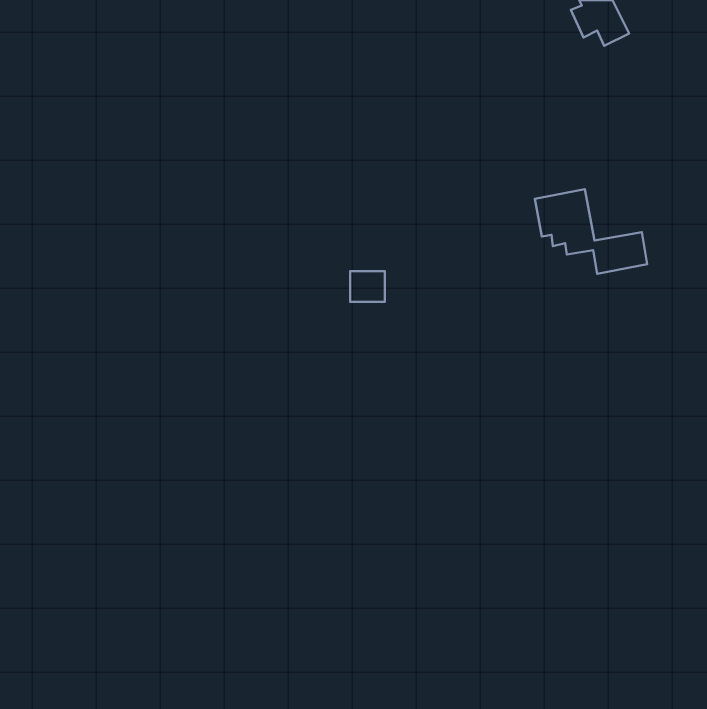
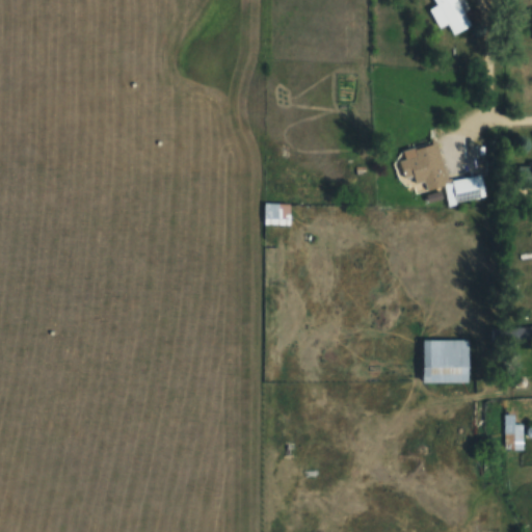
building: none -> [424,339,469,382]
building: none -> [505,414,523,450]

